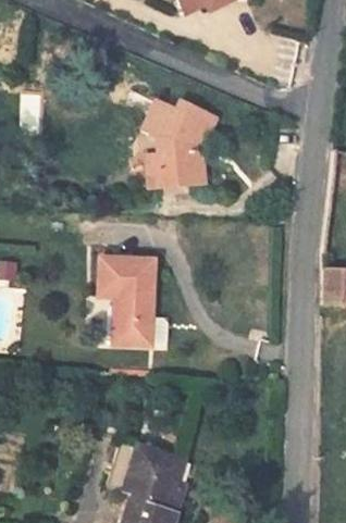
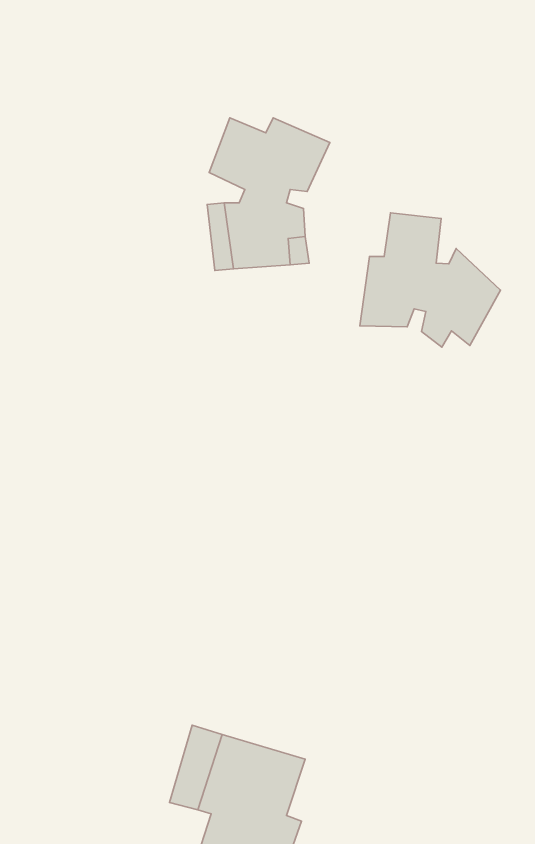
building: none -> [360,213,500,347]
building: [98,260,156,347] -> none

